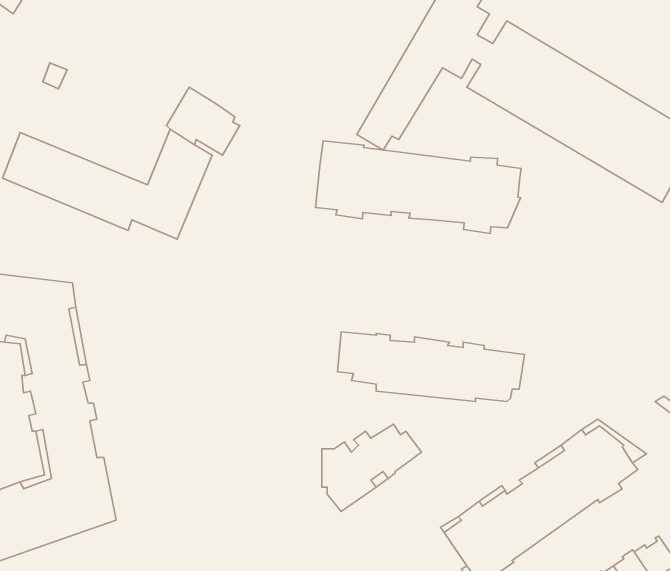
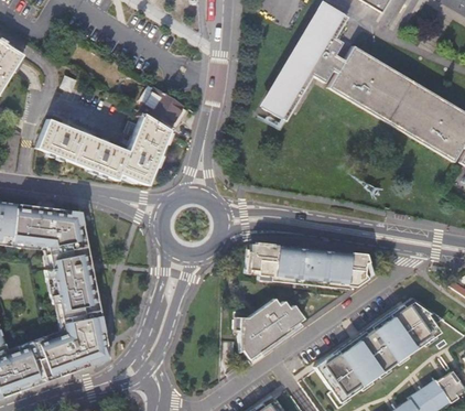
building: [316,141,521,233] -> none

